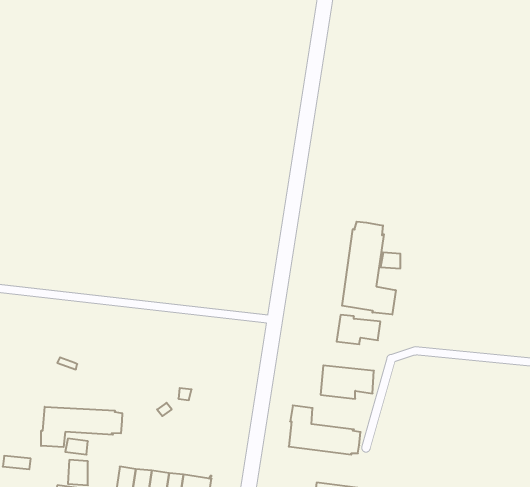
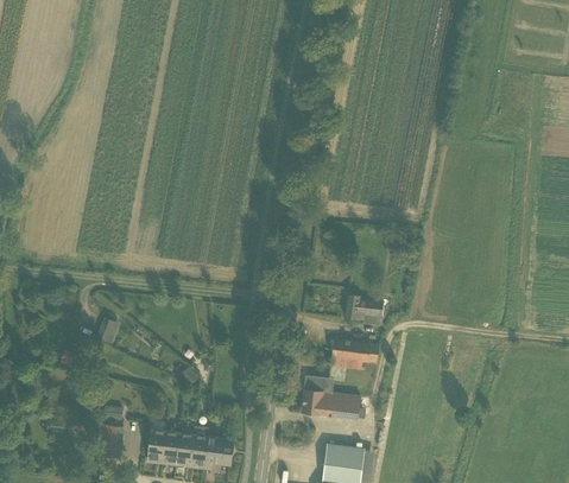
building: [342,222,396,315] -> none
building: [41,407,122,447] -> none

